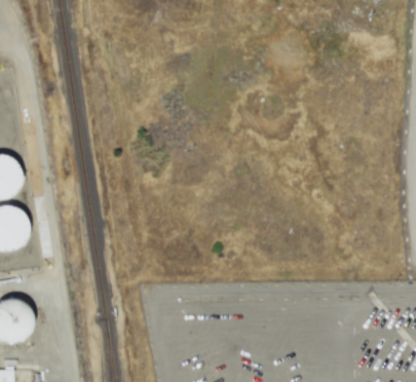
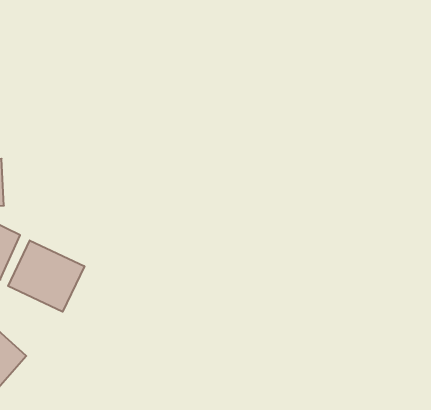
building: none -> [8,240,84,312]

